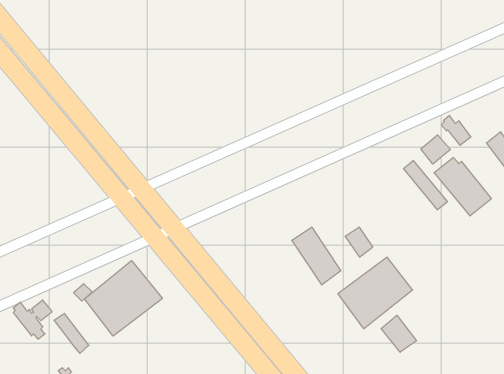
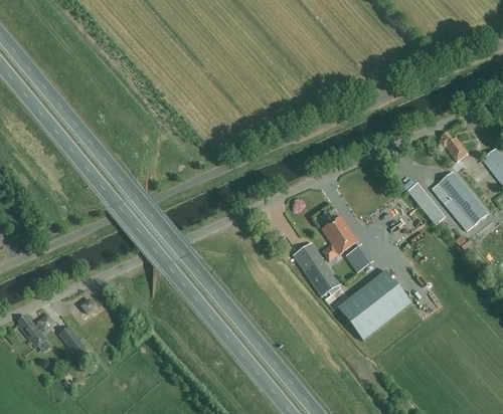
building: [421,135,450,164] -> none
building: none -> [320,210,358,260]
building: [84,261,162,336] -> none
building: [381,315,417,352] -> none

